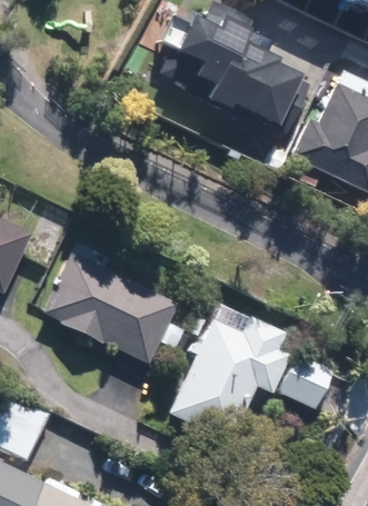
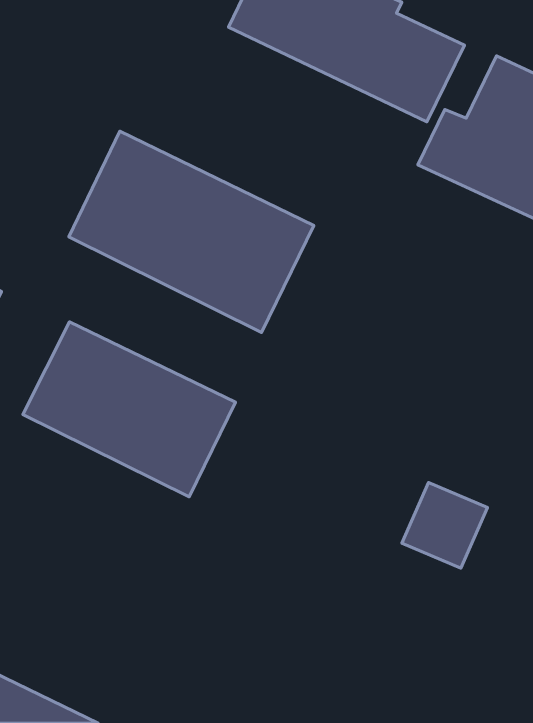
building: none -> [69,131,314,332]
building: [170,306,282,444] -> none

